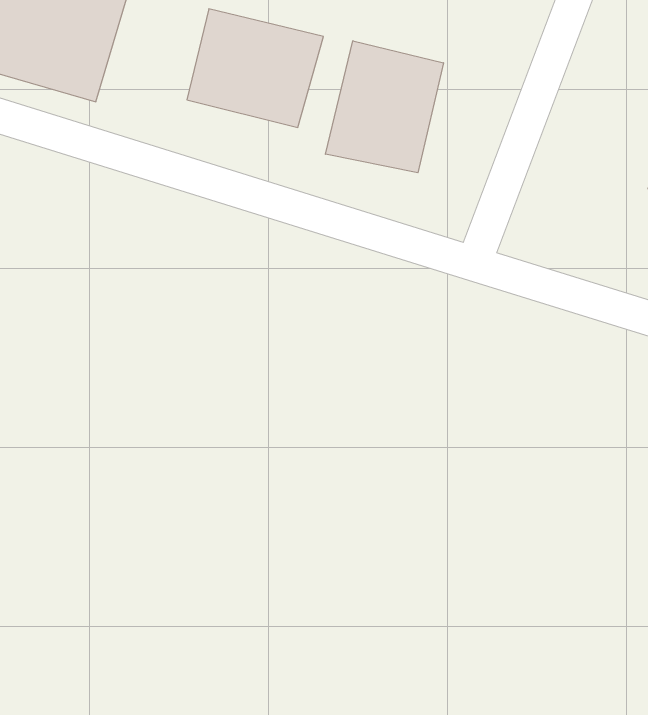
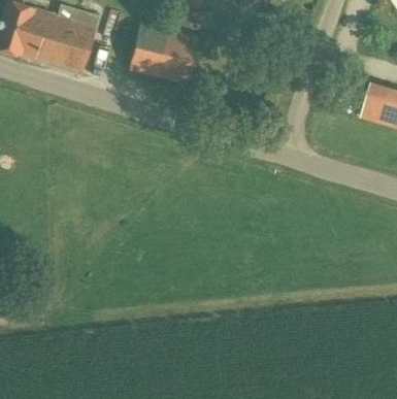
building: [325,41,443,173] -> none

